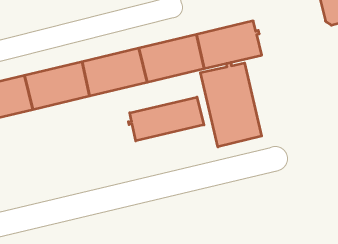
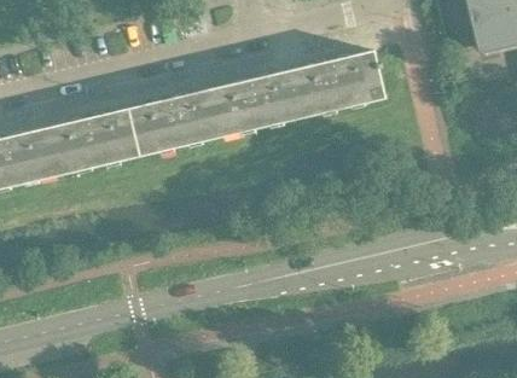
building: [200,62,262,147] -> none
building: [128,97,204,141] -> none

